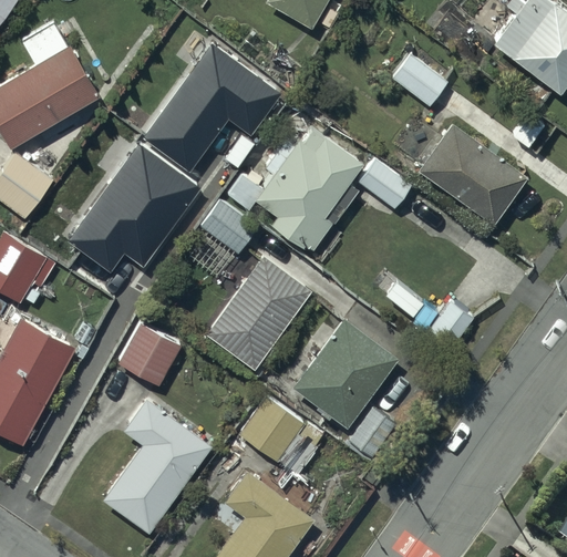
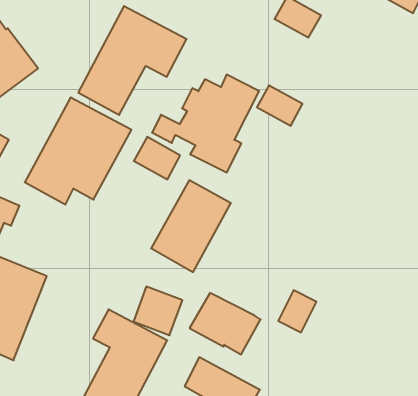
building: [417,124,527,226] -> none
building: [292,319,395,426] -> none
building: [117,324,179,386] -> [133,287,182,335]

